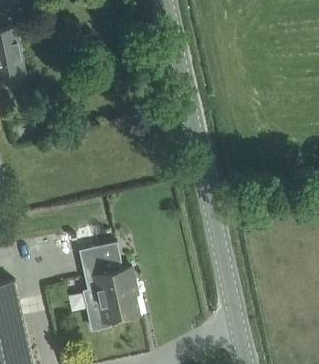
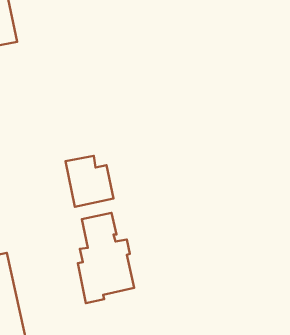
building: none -> [65,156,114,207]

